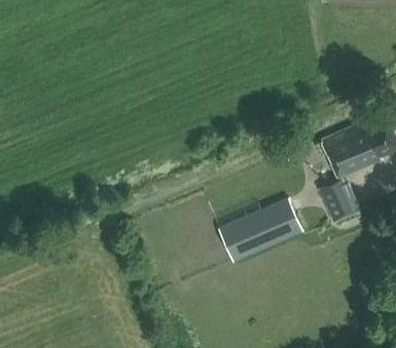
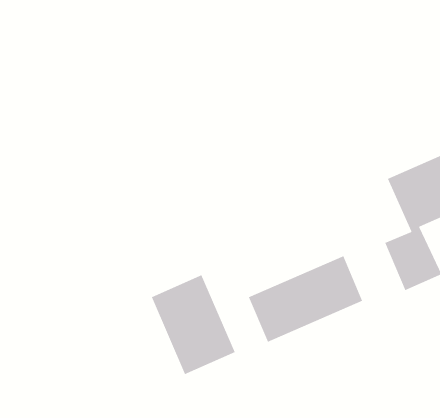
building: none -> [151,274,236,375]

